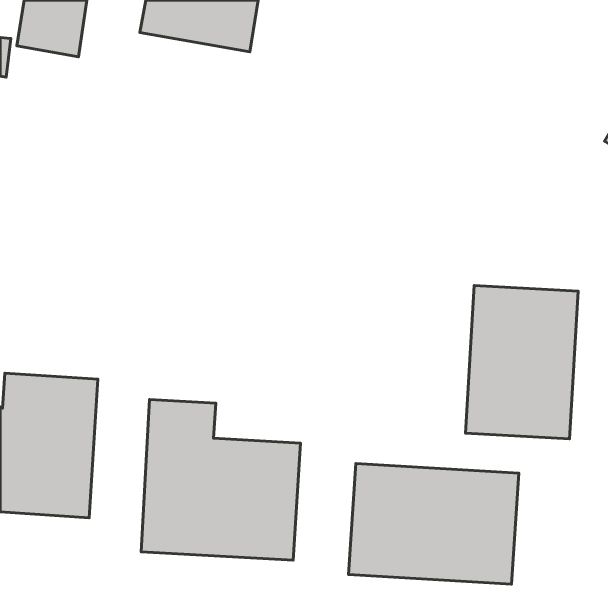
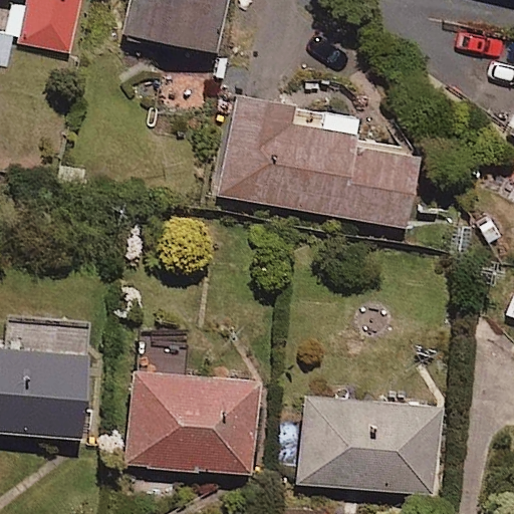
building: none -> [219,92,416,228]
building: [465,286,578,439] -> none

